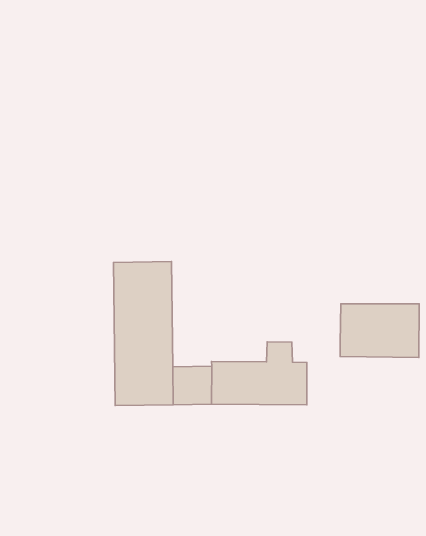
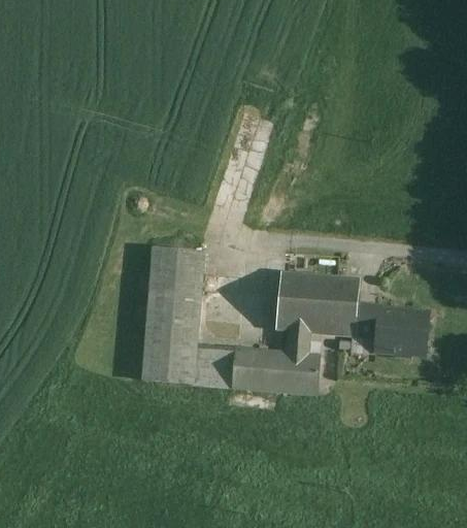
building: none -> [275,271,359,339]

